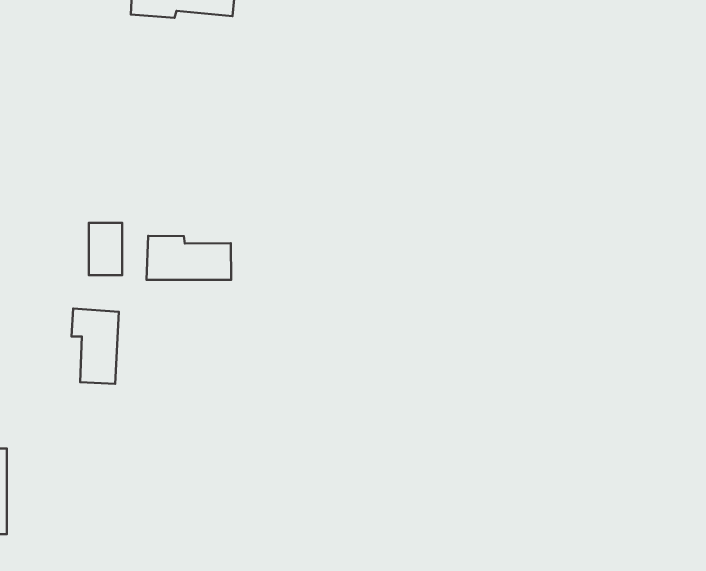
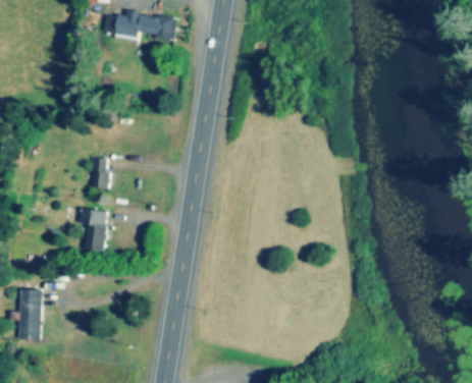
building: [147,236,231,280] -> none

